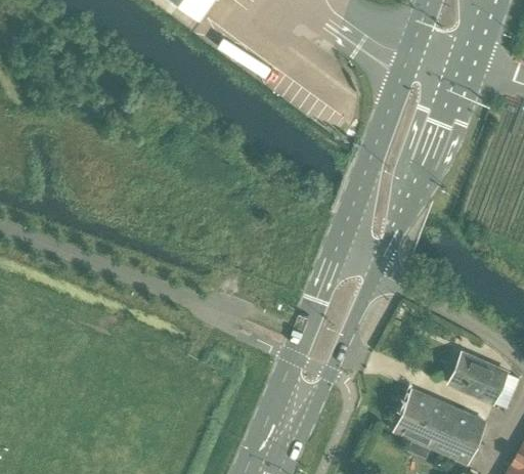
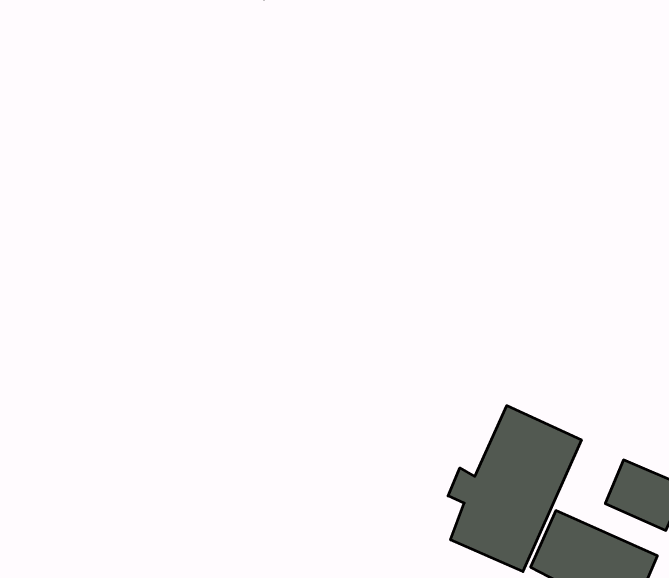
building: none -> [448,406,581,572]

